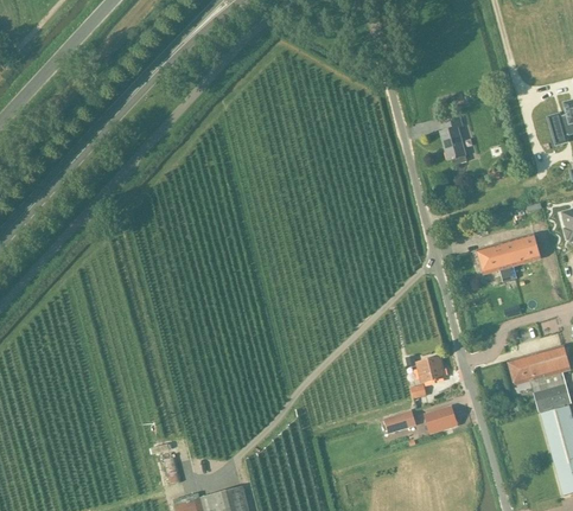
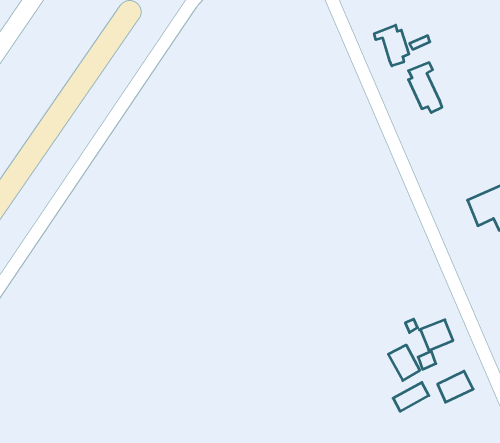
building: none -> [374,25,409,66]
building: none -> [388,345,420,381]

